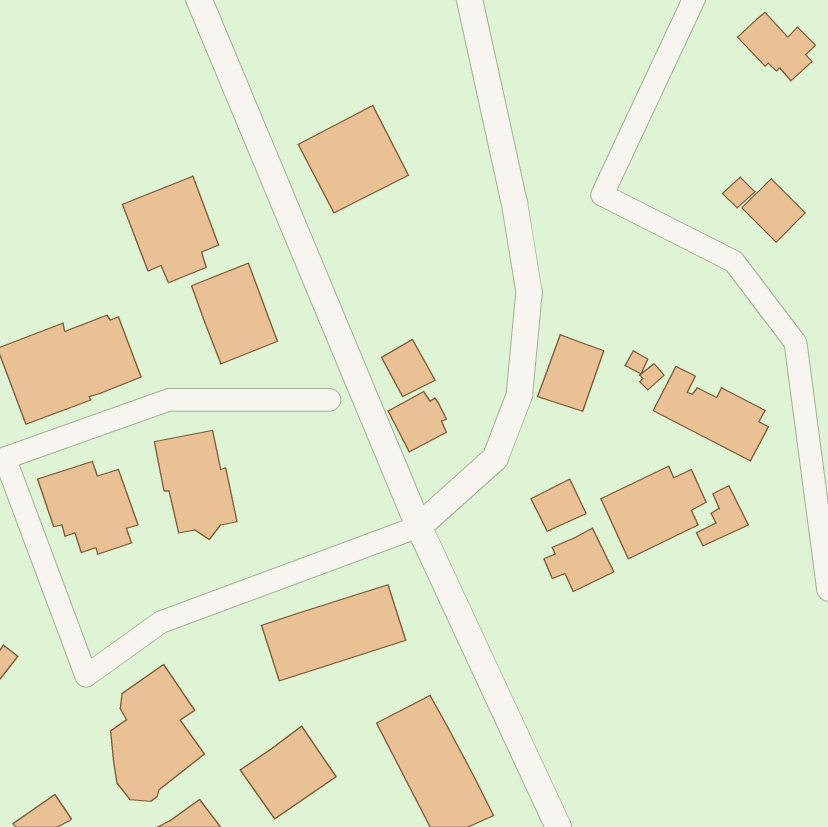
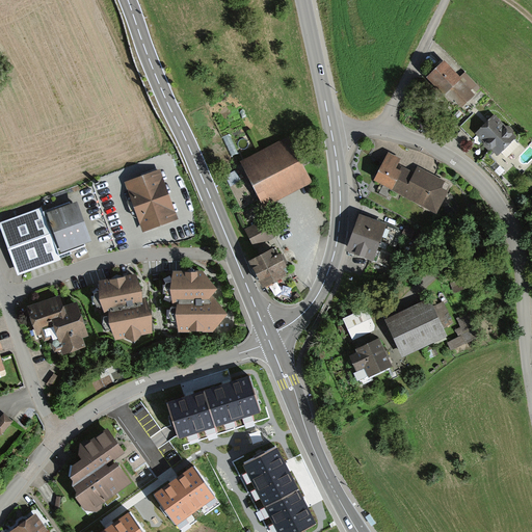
building: [737,13,815,81] -> [426,62,476,106]
building: [298,105,409,213] -> [240,137,311,206]
building: [123,176,218,283] -> none
building: [653,367,768,461] -> [373,152,447,212]
building: none -> [170,271,227,332]

